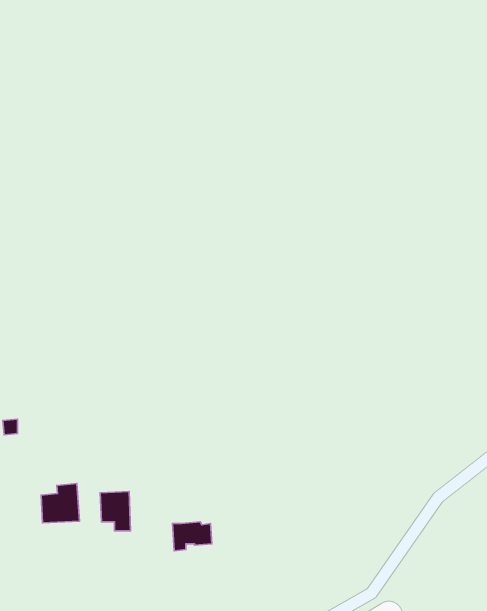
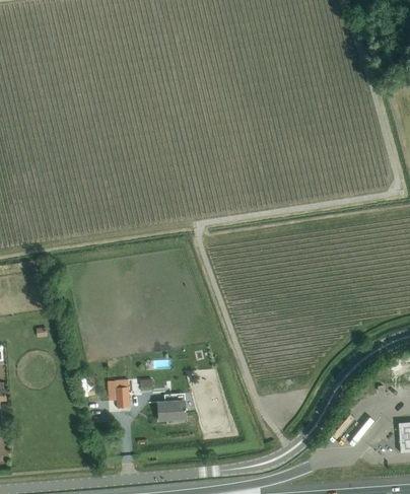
building: [41,484,79,523] -> none

